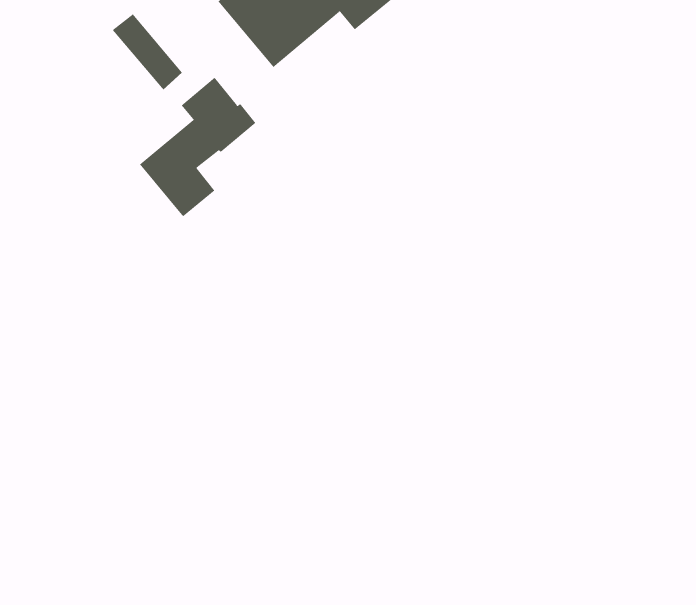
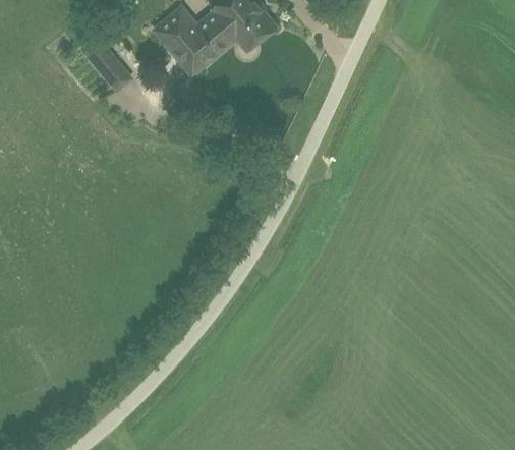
building: [139,77,256,217] -> none

